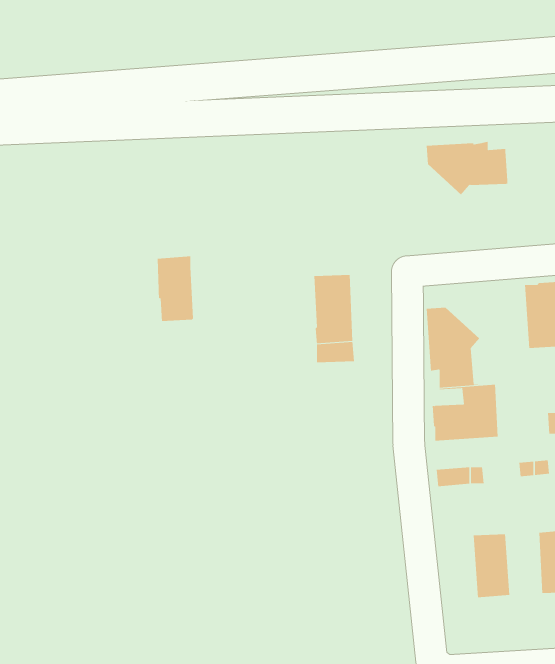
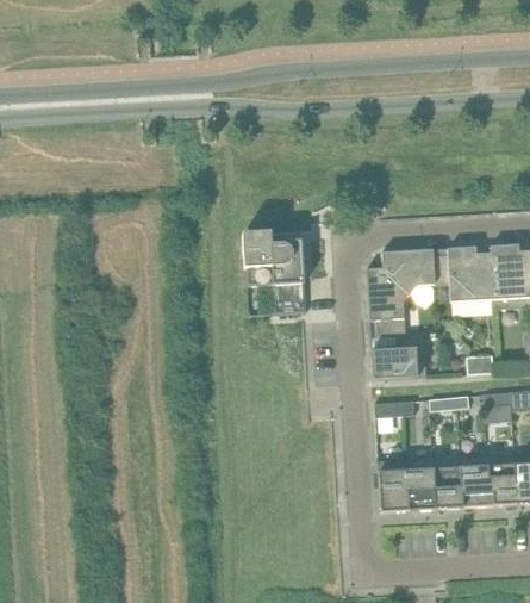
building: [426,141,510,205] -> [382,248,453,302]
building: [157,256,194,321] -> [244,231,275,286]
building: none -> [434,455,463,508]
building: none -> [379,458,410,511]

